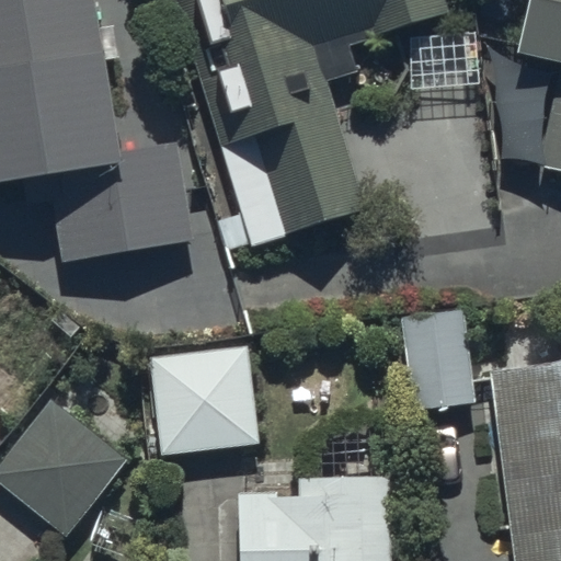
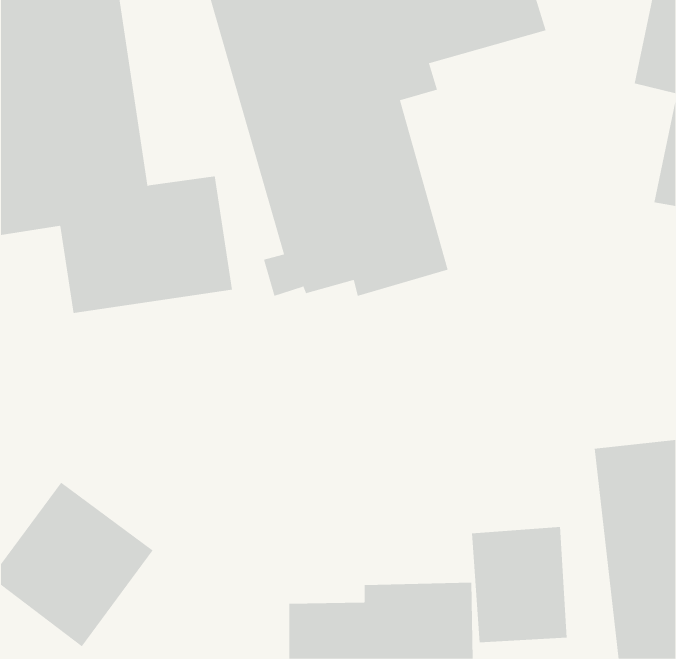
building: [398,311,478,408] -> [471,527,568,643]
building: [150,345,261,454] -> none

